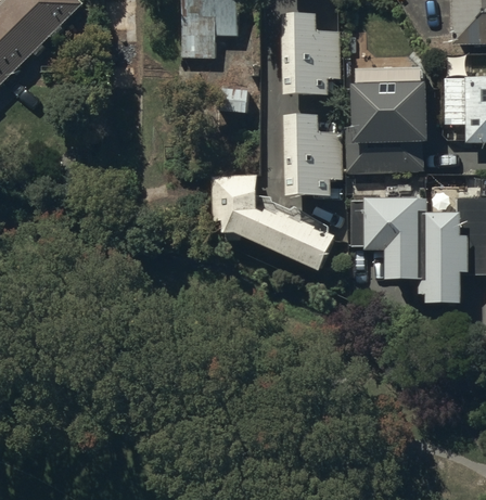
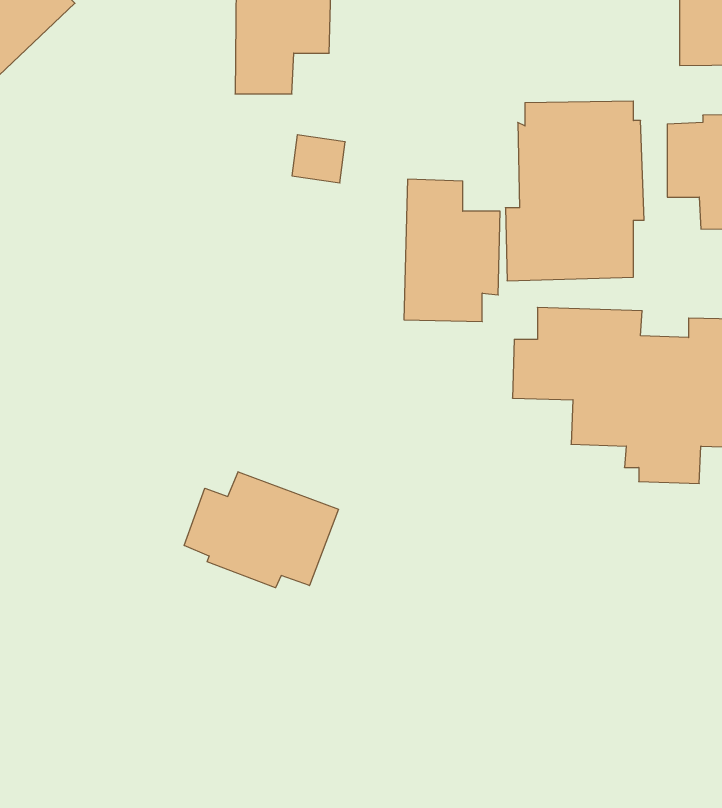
building: [280,14,337,101] -> none
building: [209,175,336,267] -> none
building: none -> [184,472,338,588]

